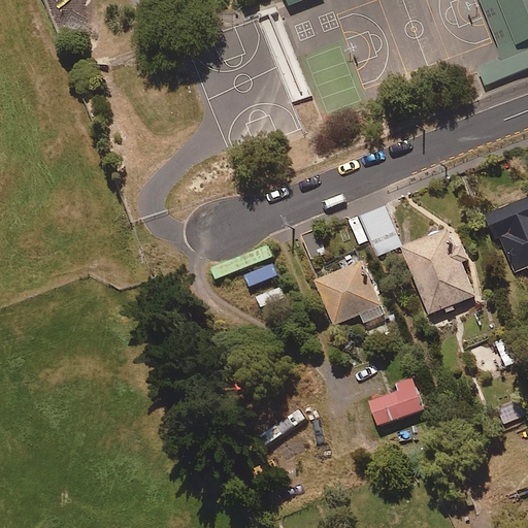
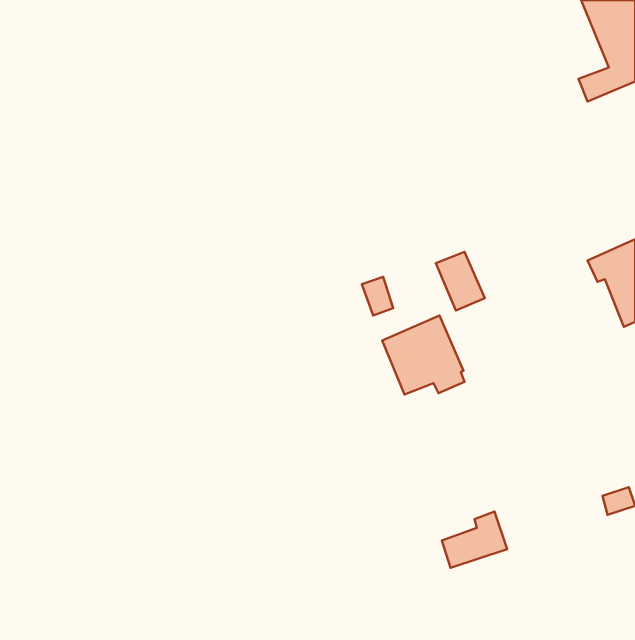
building: [403,228,474,312] -> none
building: [369,378,423,425] -> [442,512,507,568]

